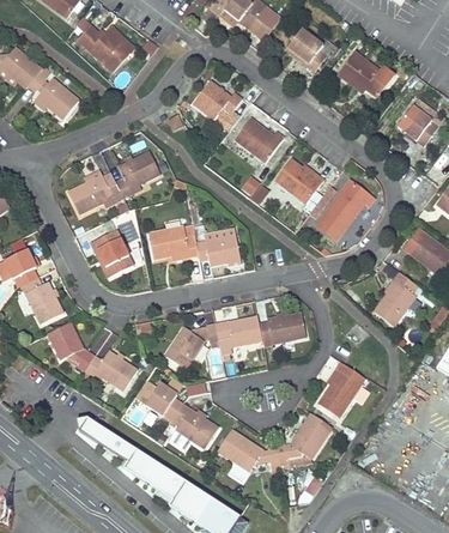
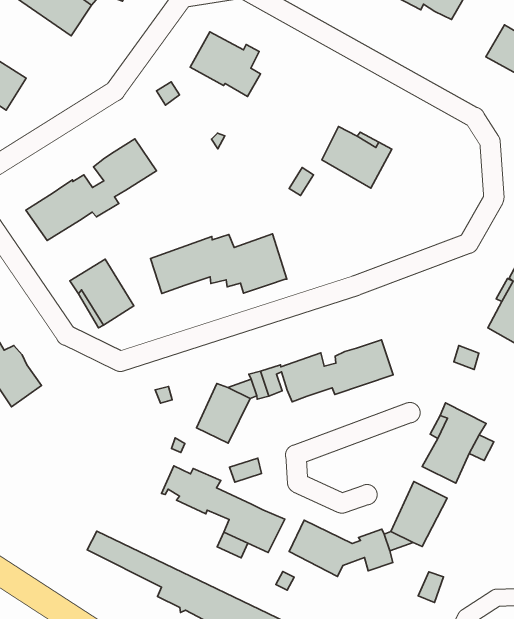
building: [233,119,285,164] -> none
building: [317,180,375,240] -> none
building: [48,321,138,388] -> none

